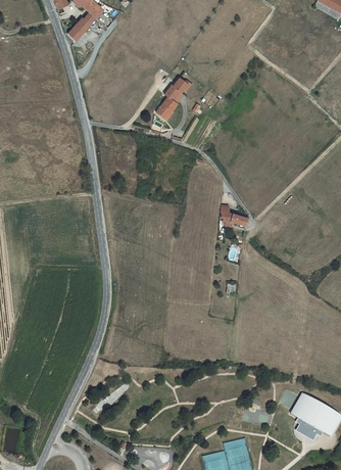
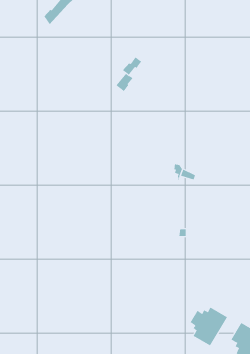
building: none -> [190,307,228,346]

